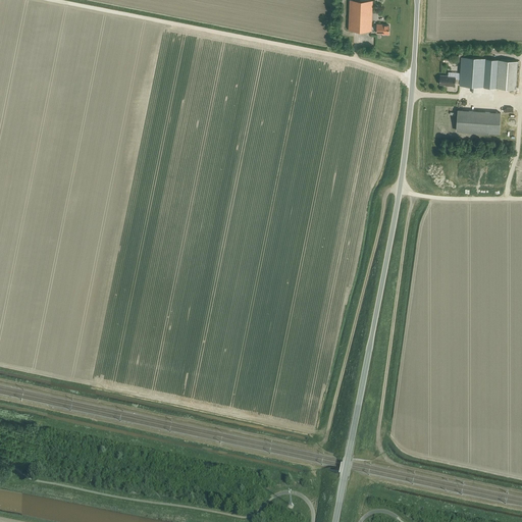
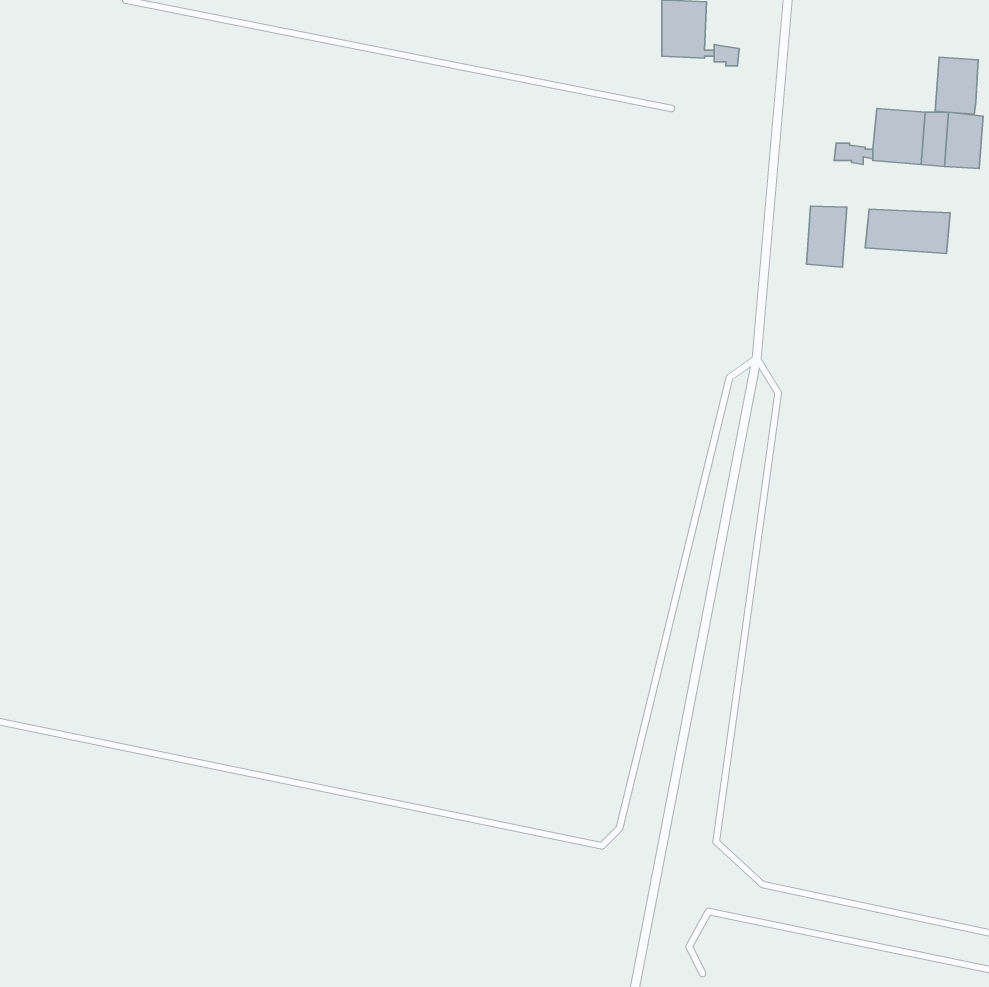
building: none -> [935,57,978,114]
building: none -> [807,206,847,267]

